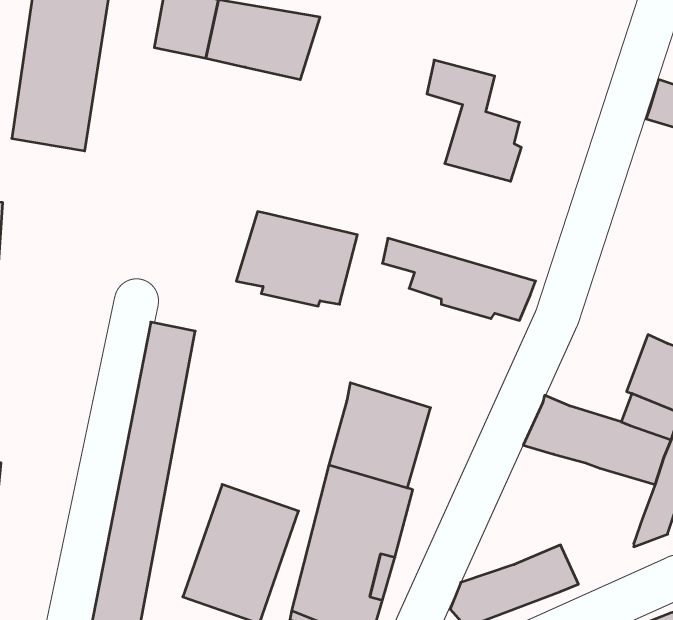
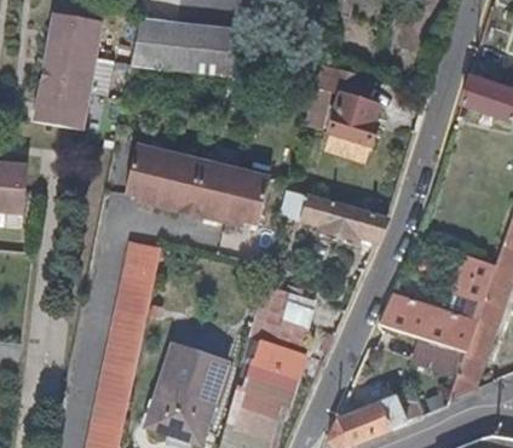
building: none -> [123,151,198,217]
building: none -> [414,338,468,375]

